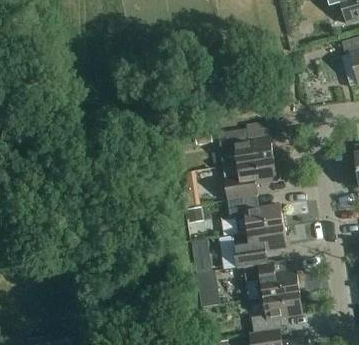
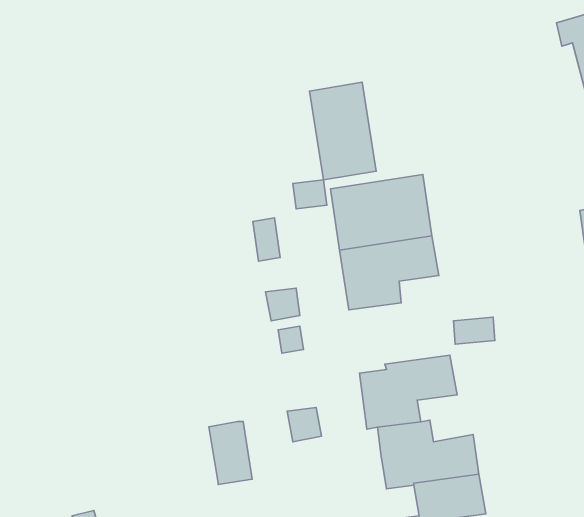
building: none -> [309,82,376,180]
building: [227,196,283,231] -> none
building: [196,270,220,305] -> [209,421,252,485]

